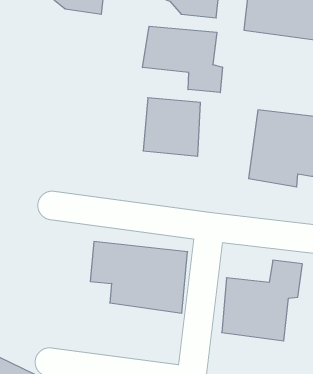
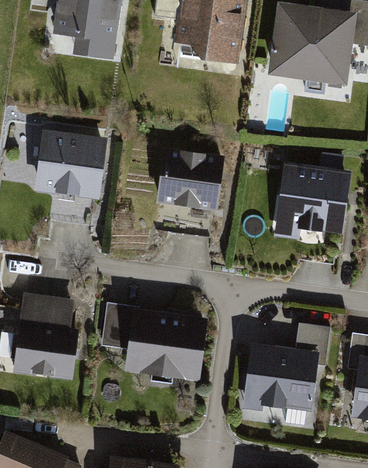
building: [143,26,222,93] -> none
building: none -> [36,129,104,199]
building: none -> [14,294,83,380]

